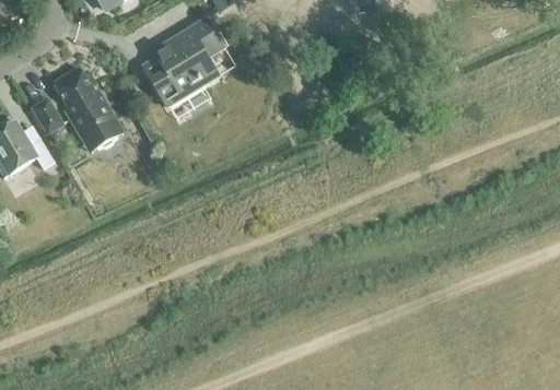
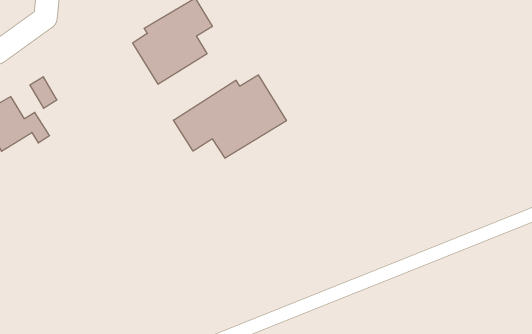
building: [55,67,122,151] -> none
building: none -> [173,75,286,158]

